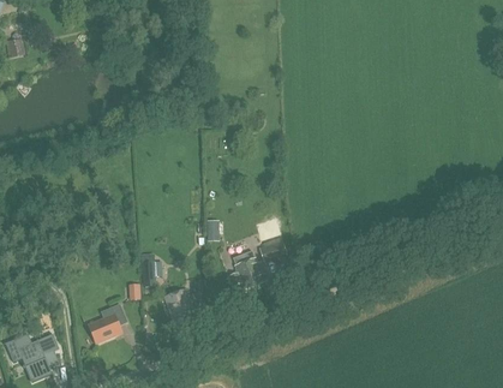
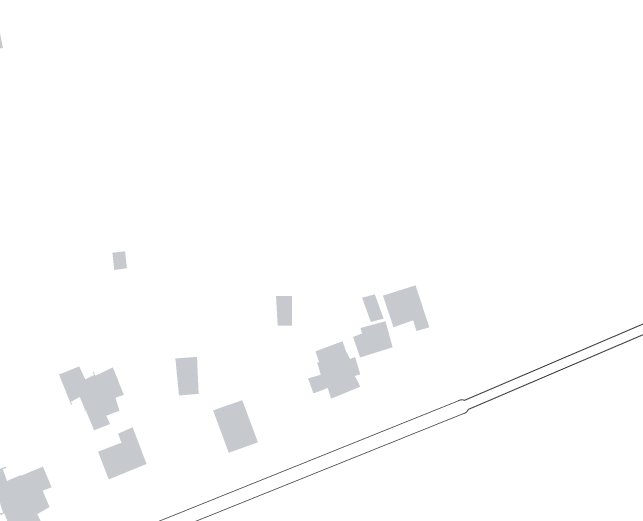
building: none -> [382,284,430,332]
building: none -> [58,366,125,431]

